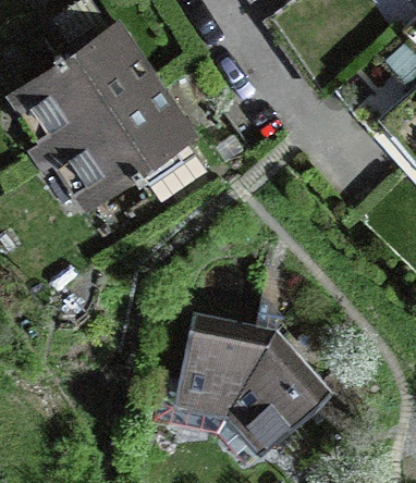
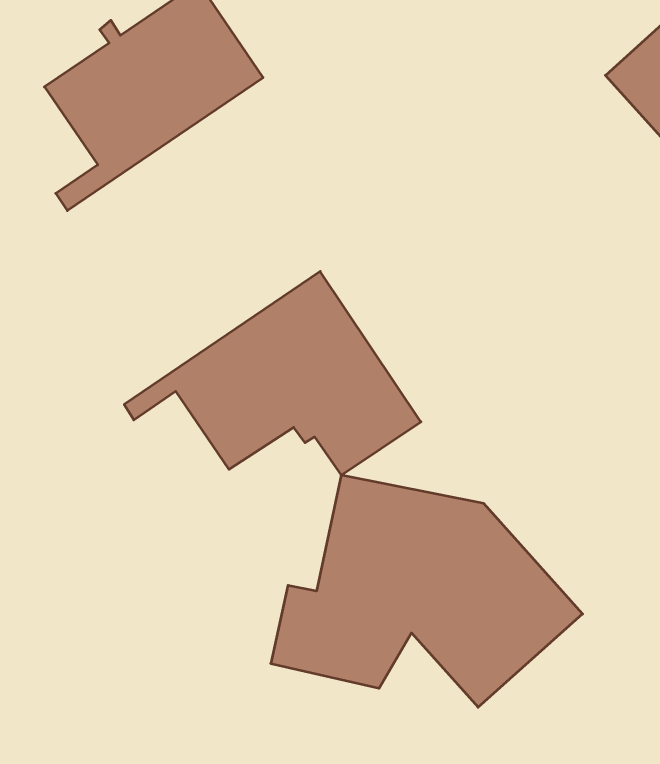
building: [44,78,213,195] -> [124,271,421,475]

